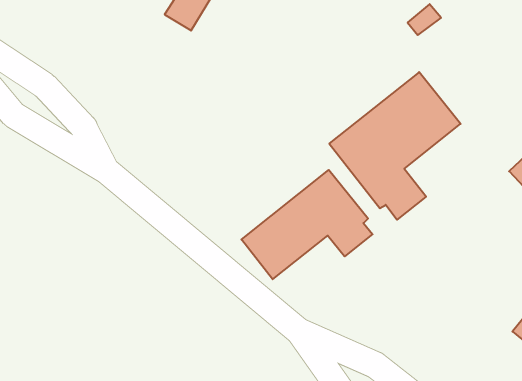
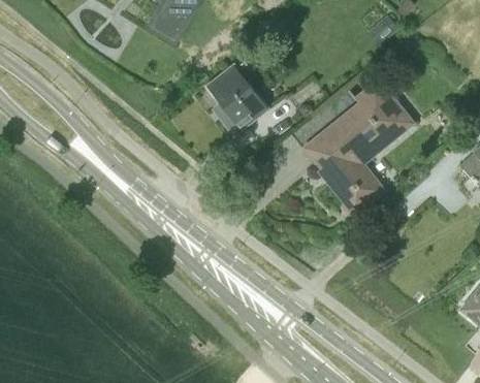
building: none -> [209,62,273,126]
building: [241,170,373,279] -> none

